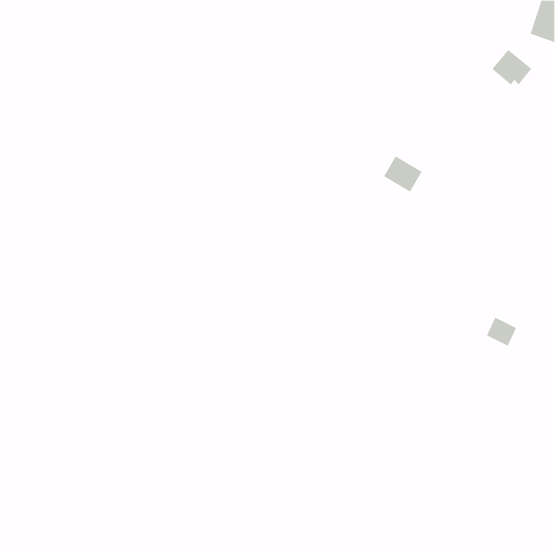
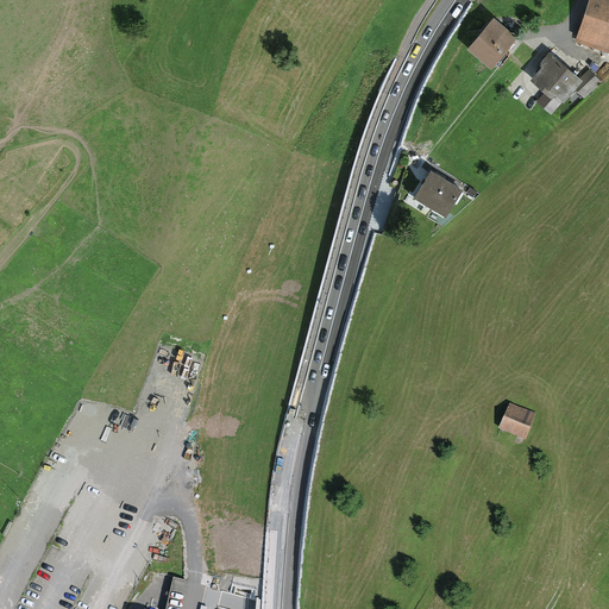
building: none -> [472,23,516,67]
building: [486,317,517,346] -> [498,407,532,439]

